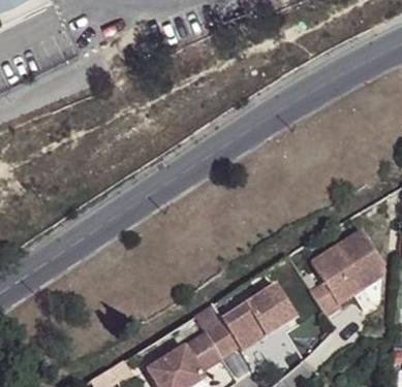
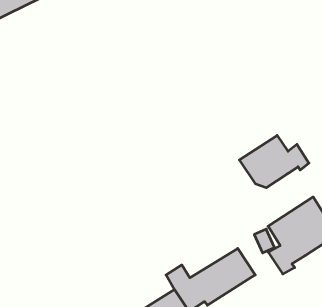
building: none -> [239,135,309,188]

